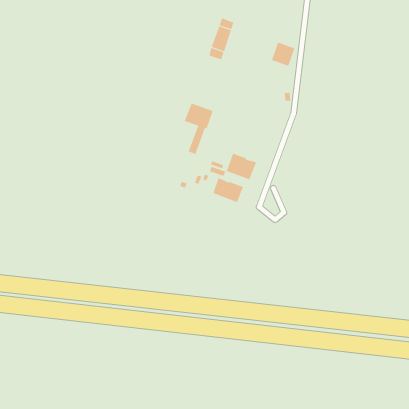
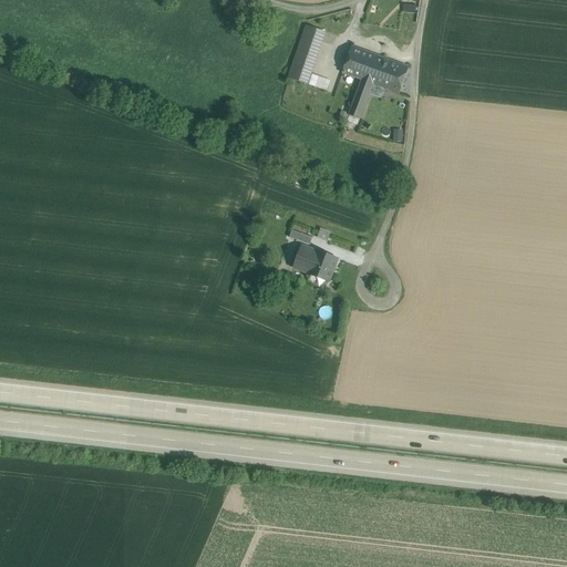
building: [184,103,214,155] -> [342,47,383,118]
building: [226,153,257,180] -> none

